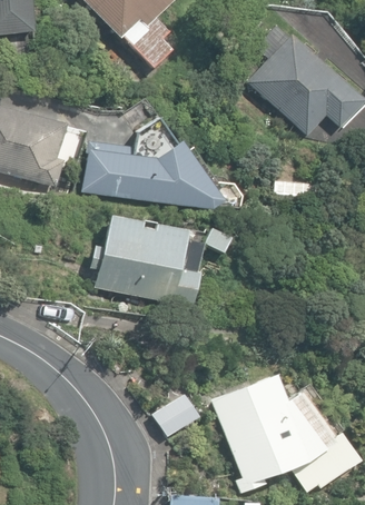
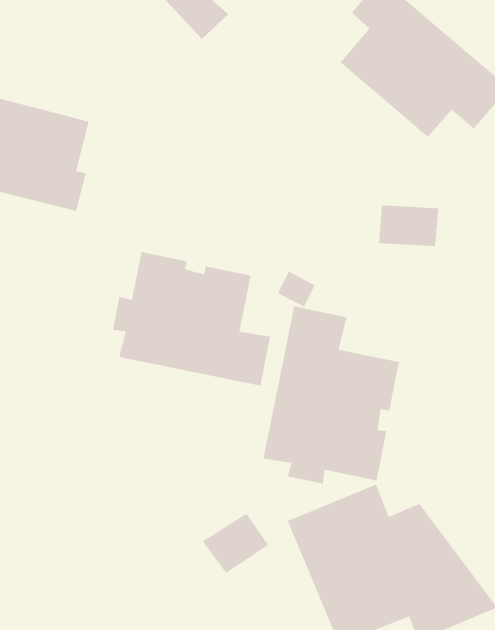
building: [83,116,226,207] -> none
building: none -> [263,306,399,485]

